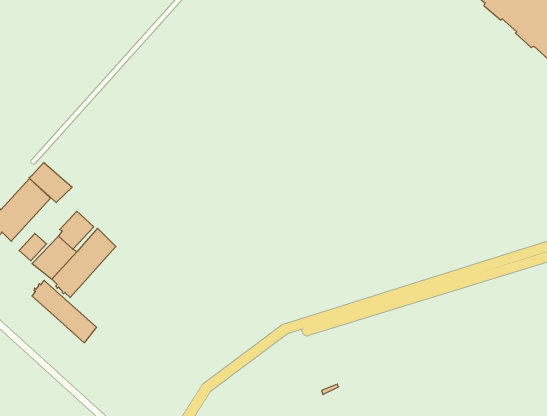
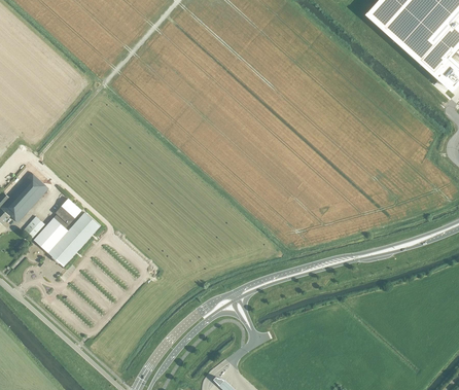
building: [29,162,72,203] -> none
building: [32,280,96,343] -> none

